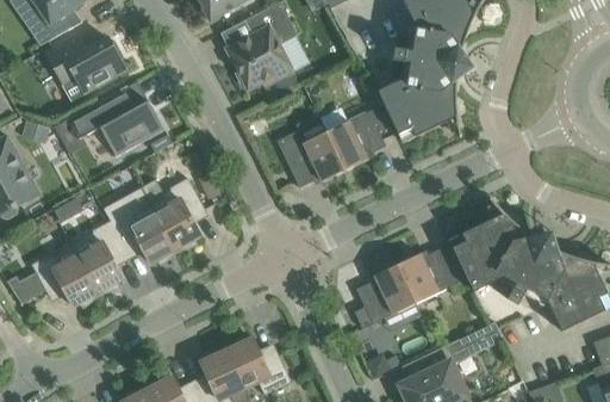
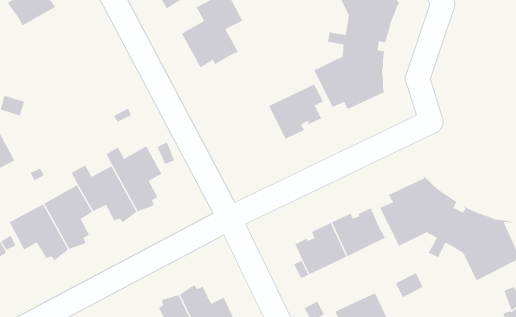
building: [45,37,125,99] -> none
building: [67,85,164,156] -> none
building: [276,129,344,187] -> none

